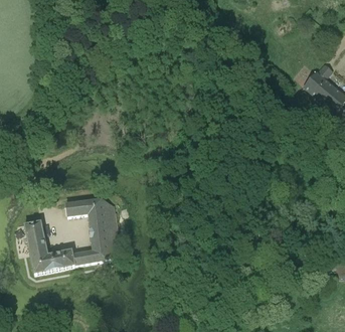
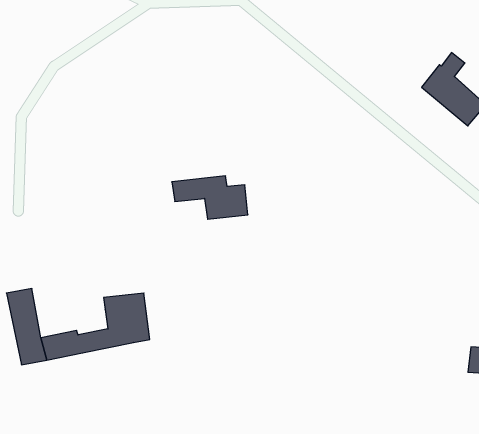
building: [65,199,117,228] -> [172,176,248,219]

